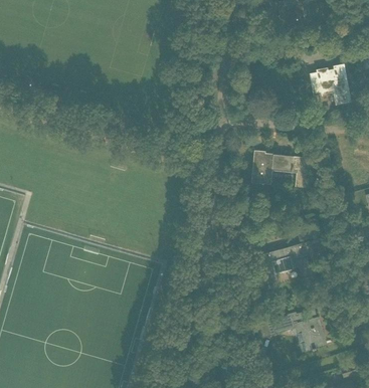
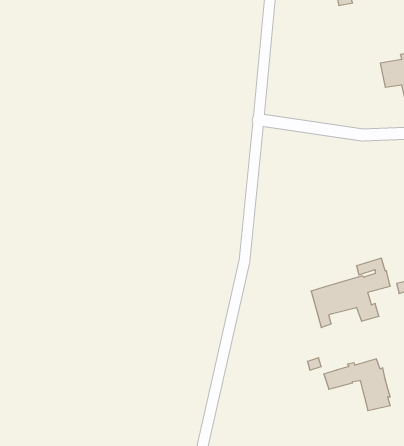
building: [252,150,311,188] -> none

